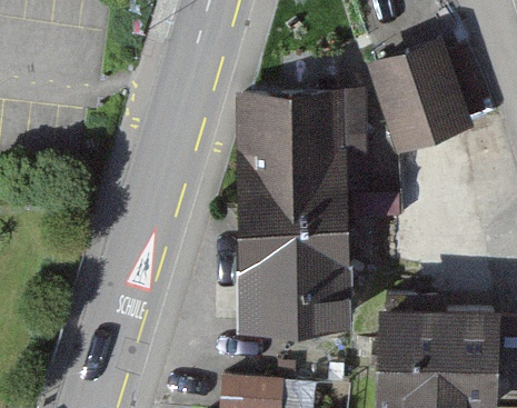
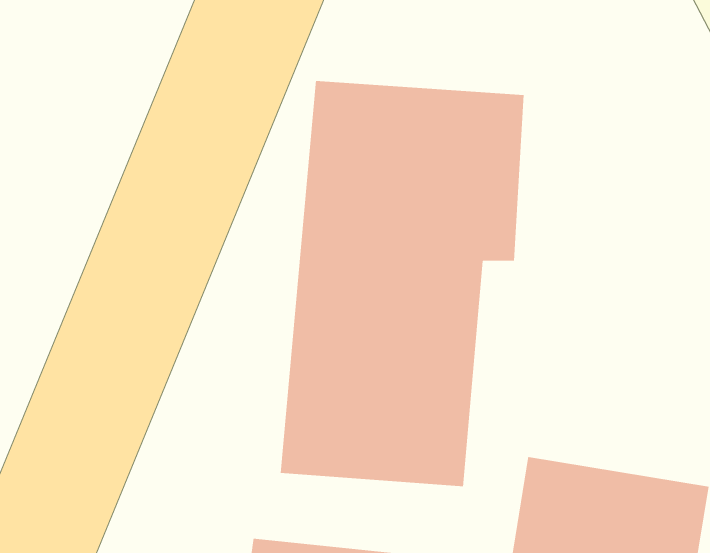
building: [370,40,475,151] -> none

